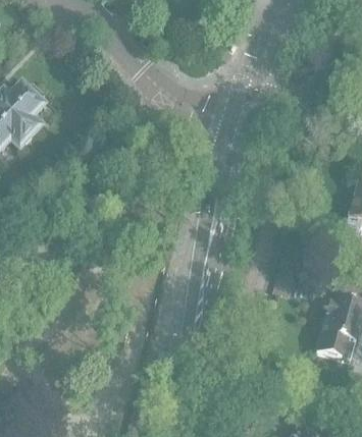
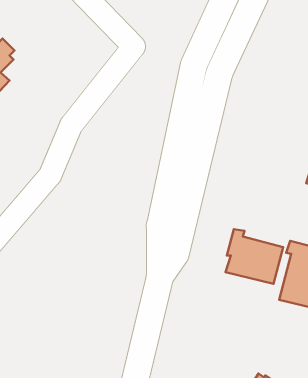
building: none -> [226,229,283,284]

